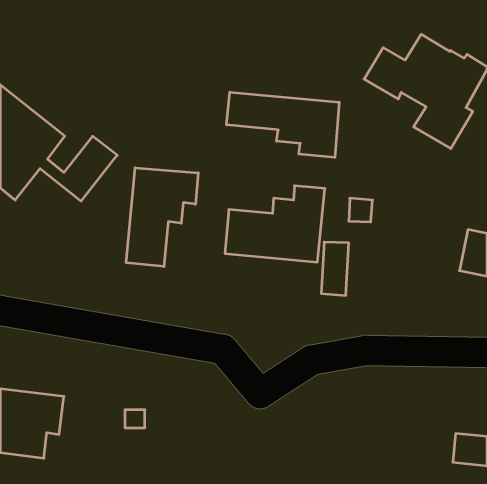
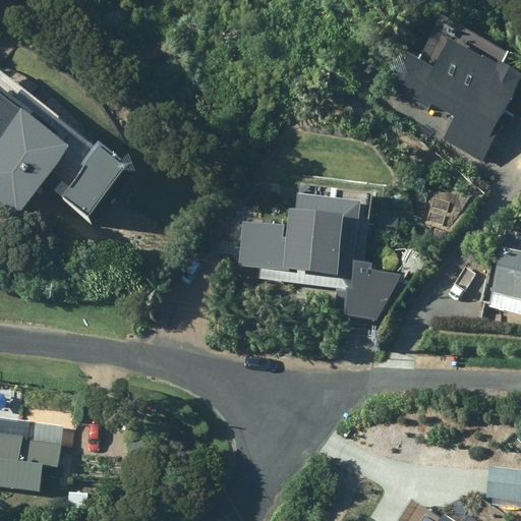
building: [227,92,339,157] -> none
building: [126,168,198,267] -> none

